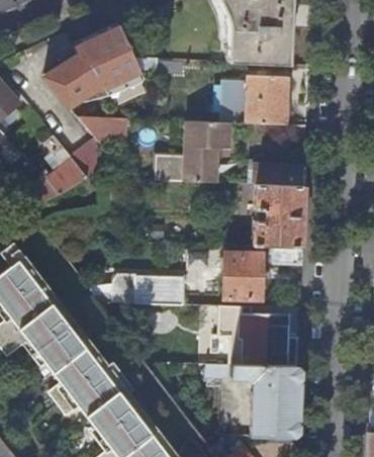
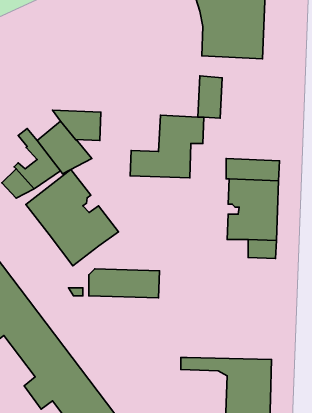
building: [44,26,139,104] -> none
building: [247,76,290,126] -> none
building: none -> [26,169,119,266]
building: [225,254,263,298] -> none
building: [213,305,299,366] -> none

